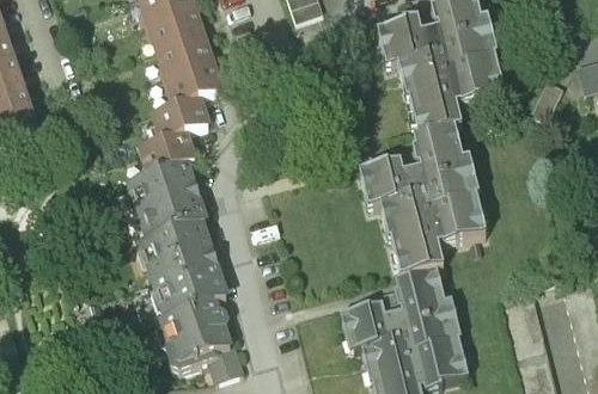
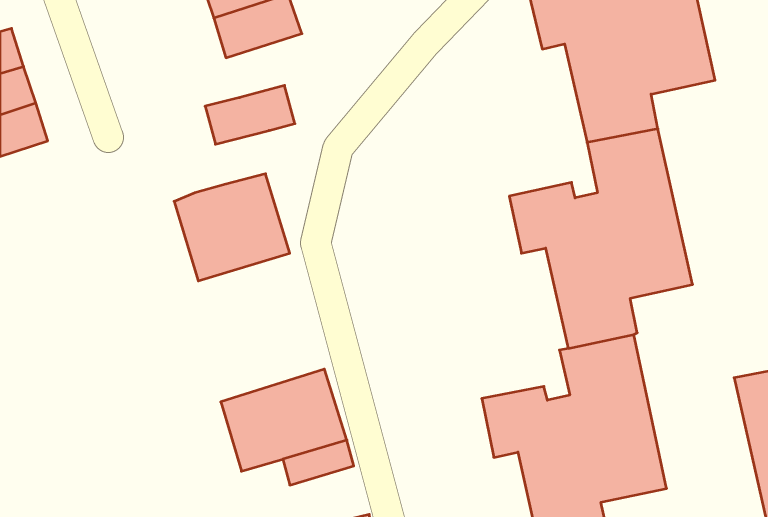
building: [161,57,224,101] -> none
building: [133,124,199,167] -> none
building: [134,209,230,312] -> none

